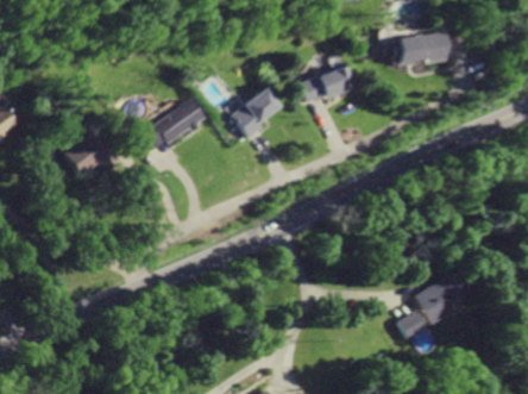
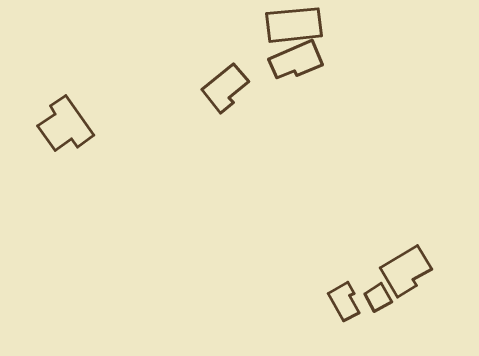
building: [390,32,446,65] -> [266,9,322,42]
building: [138,99,203,154] -> none
building: none -> [328,282,359,321]

